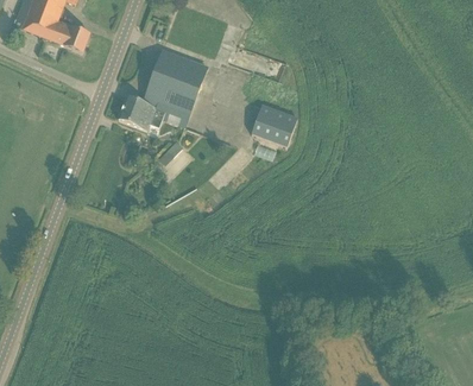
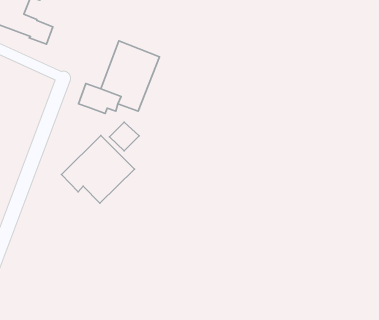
building: [250,102,296,146] -> none
building: none -> [62,135,135,203]

